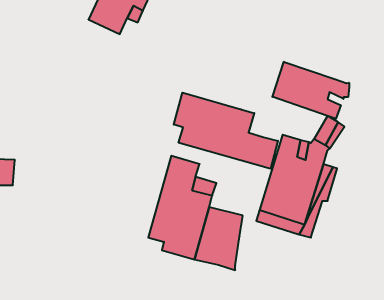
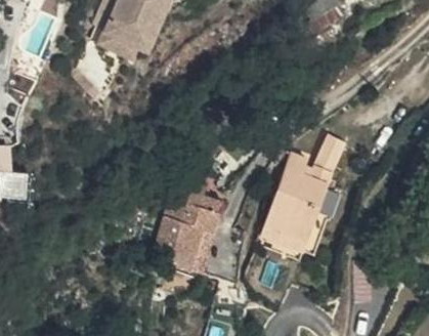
building: [272,62,349,119] -> none
building: [174,93,278,169] -> none

